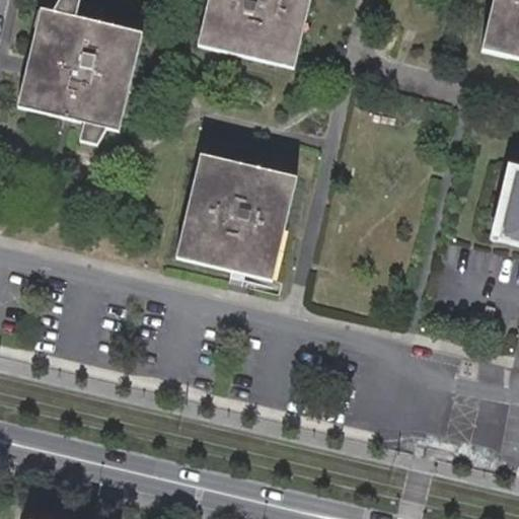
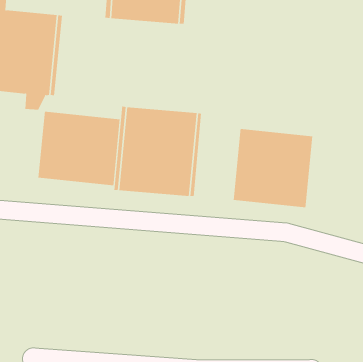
building: none -> [38,111,120,186]
building: none -> [233,128,313,208]

